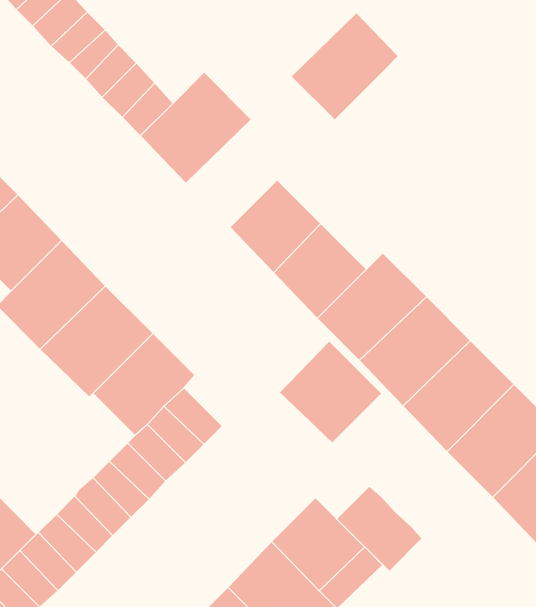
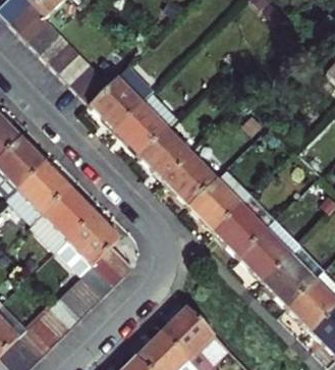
building: [291,12,399,120] -> [115,94,175,154]
building: [279,341,382,443] -> none
building: [337,486,422,572] -> none

